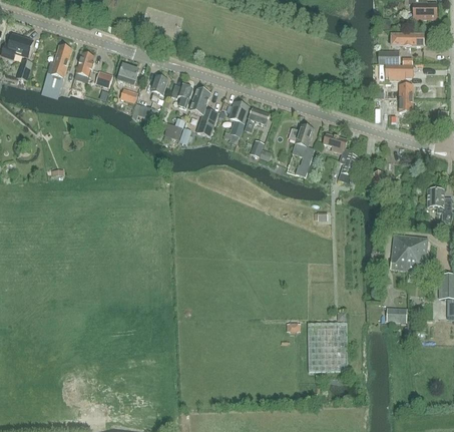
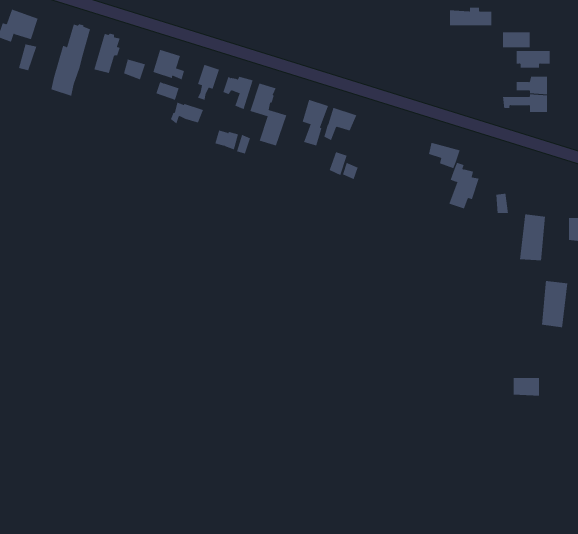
building: [391,32,423,46] -> [449,7,492,26]
building: [289,124,314,177] -> none
building: [390,235,410,270] -> [519,214,546,261]
building: [307,323,347,372] -> none

